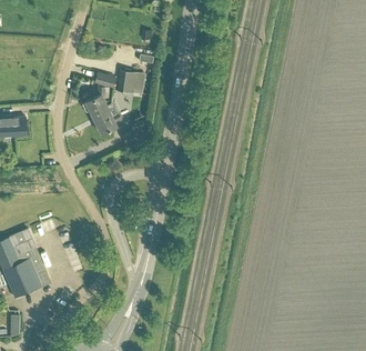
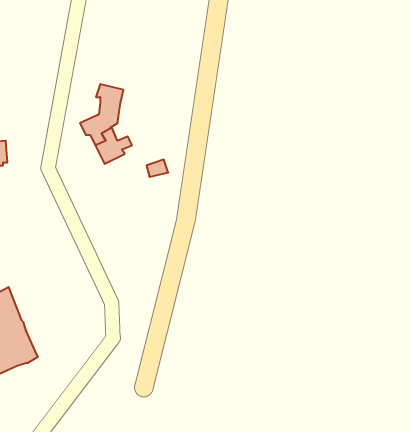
building: [116,70,143,94] -> none

